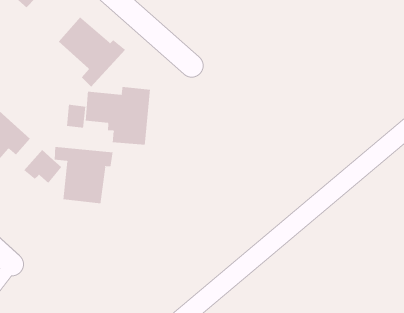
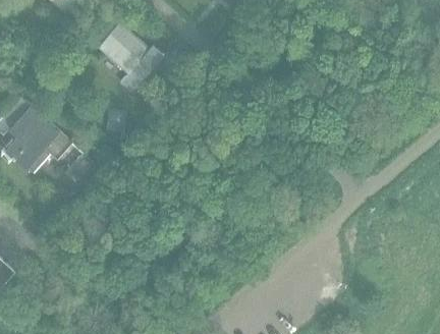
building: [85,86,151,145] -> none
building: [54,146,113,204] -> none

